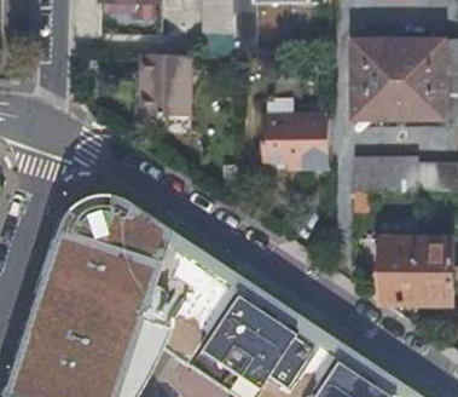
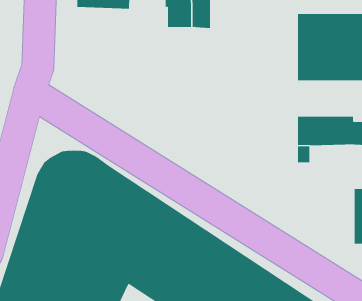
building: [139,53,189,115] -> none
building: [261,99,327,169] -> none
building: [372,238,416,307] -> none

